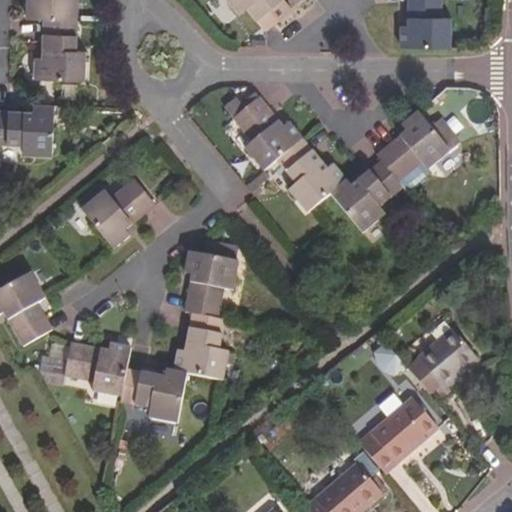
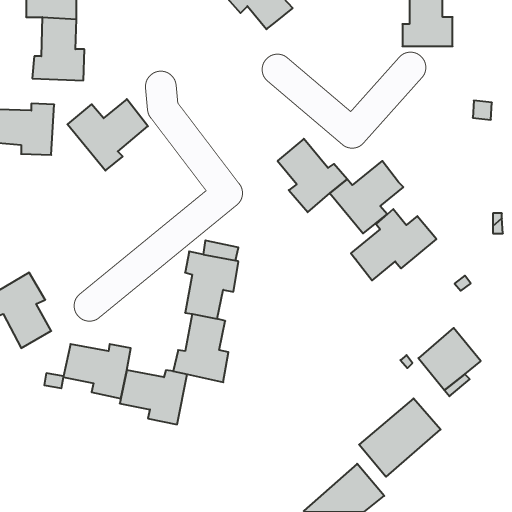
building: [232,96,302,170] -> none
building: [375,110,460,181] -> [351,209,436,280]
building: [74,177,154,248] -> [67,99,148,171]

